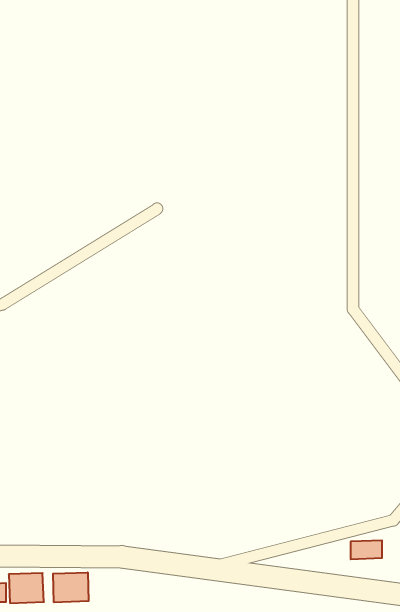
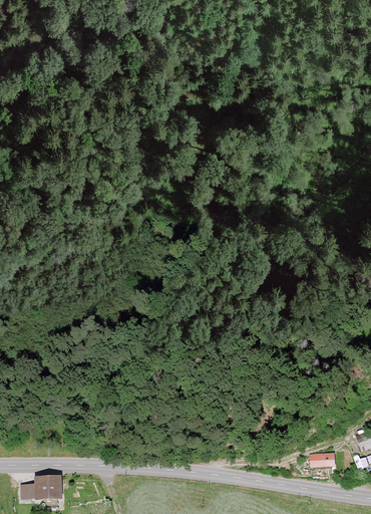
building: [53,572,89,602] -> none

